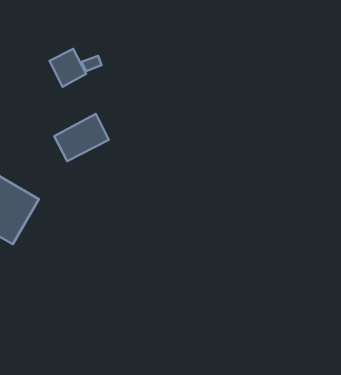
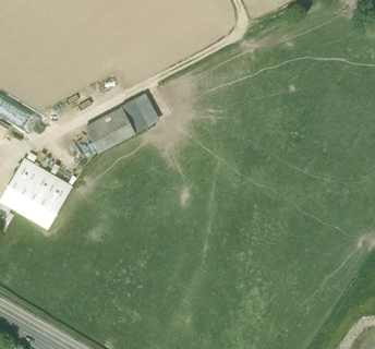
building: [50,49,86,87] -> [124,96,158,131]

